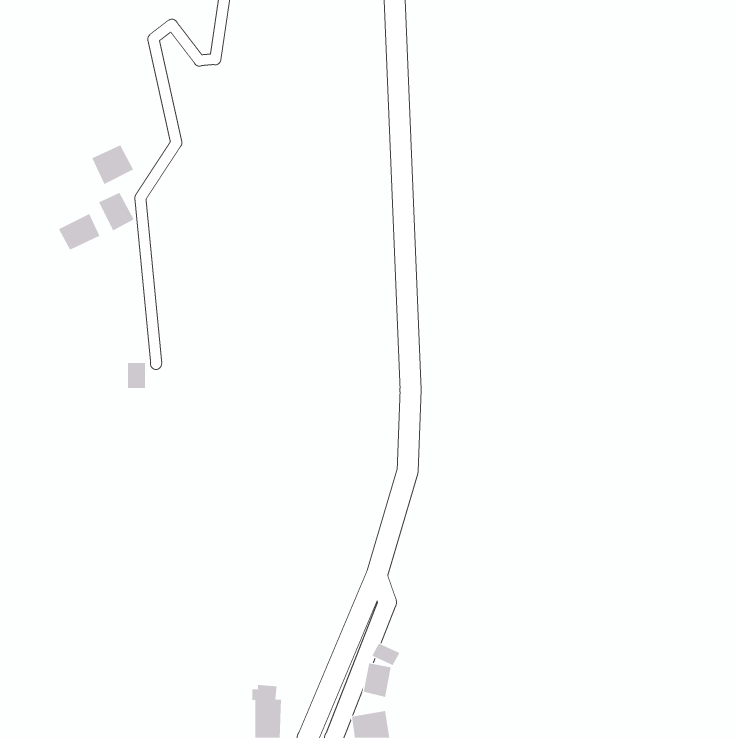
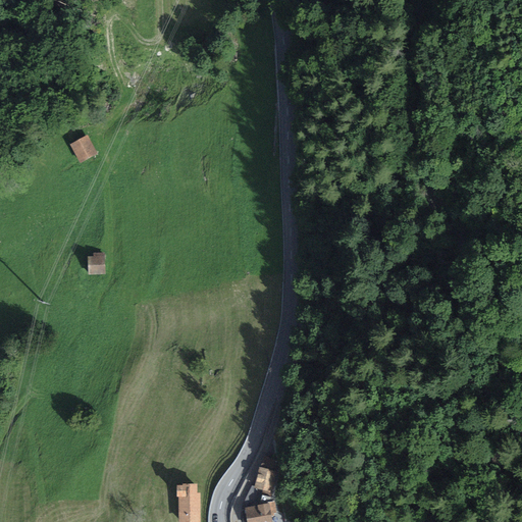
building: [92,144,134,185] -> none
building: [58,213,100,251] -> none

